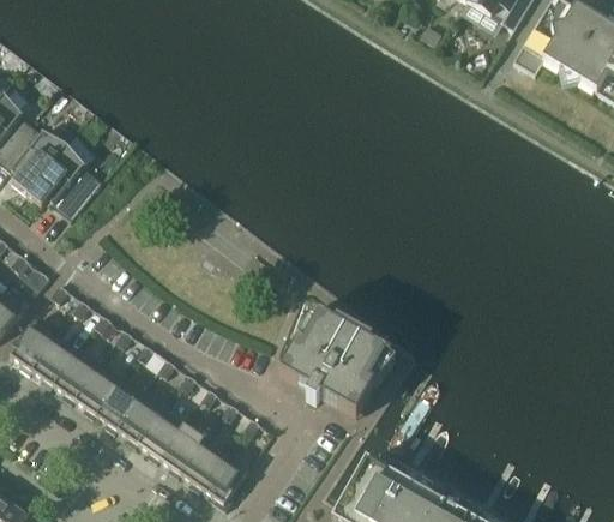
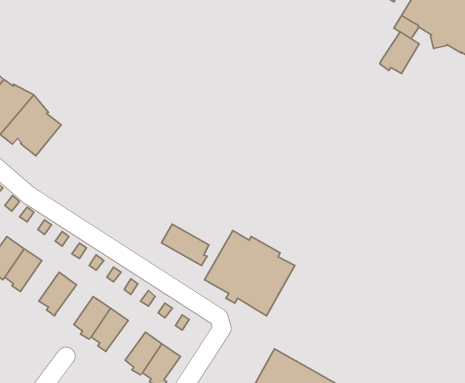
building: none -> [380,32,419,74]
building: none -> [161,224,209,266]
building: [54,348,100,401] -> none
building: [96,378,142,431] -> none
building: [159,422,206,475] -> none

